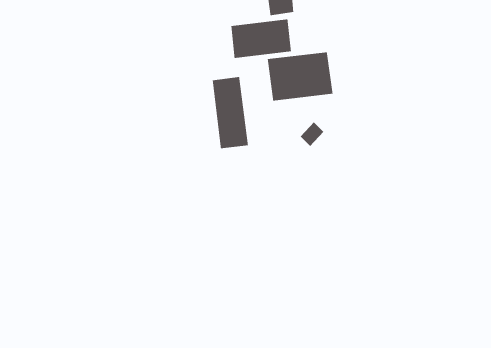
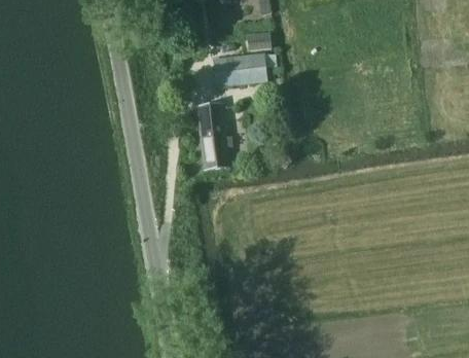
building: [267,51,333,101] -> none

